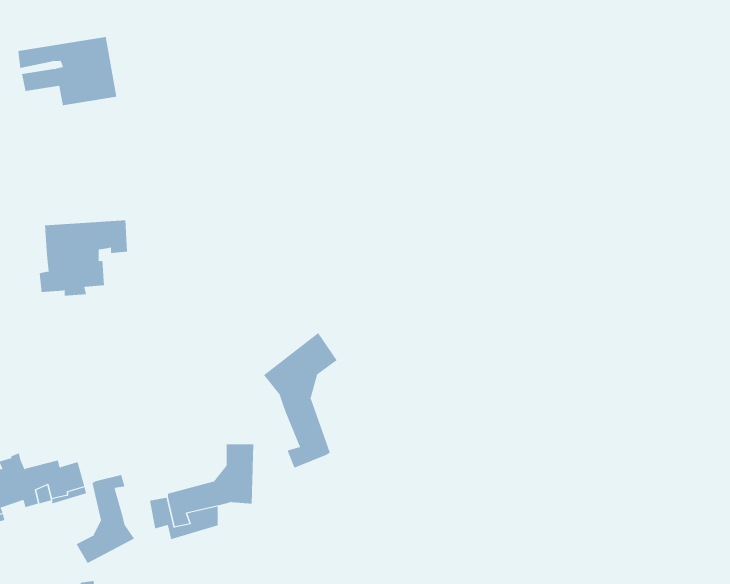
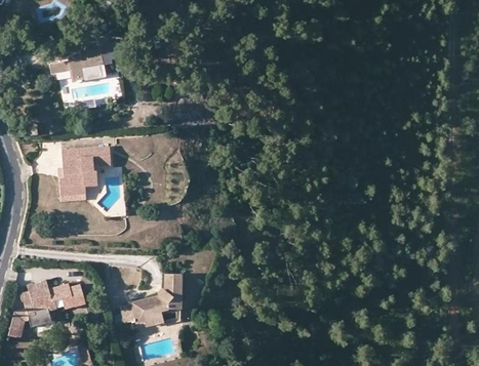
building: [263,332,338,469] -> none
building: [76,474,135,564] -> none

